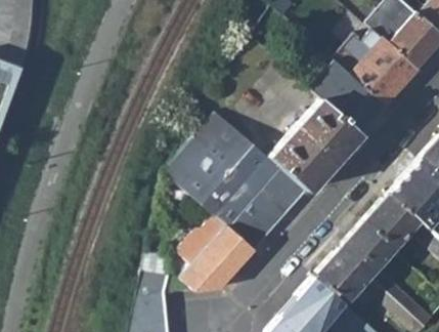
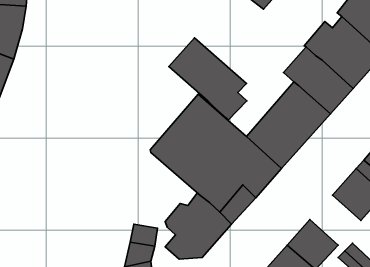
building: none -> [169,38,247,120]
building: [339,221,394,276] -> none

